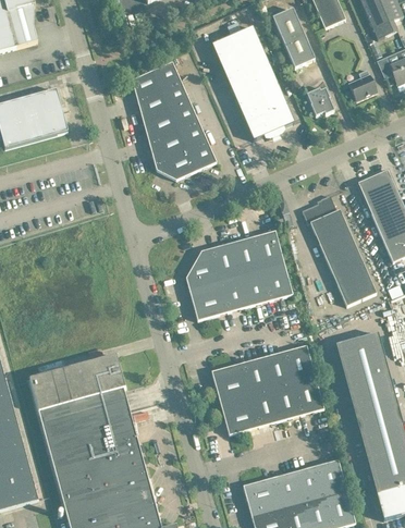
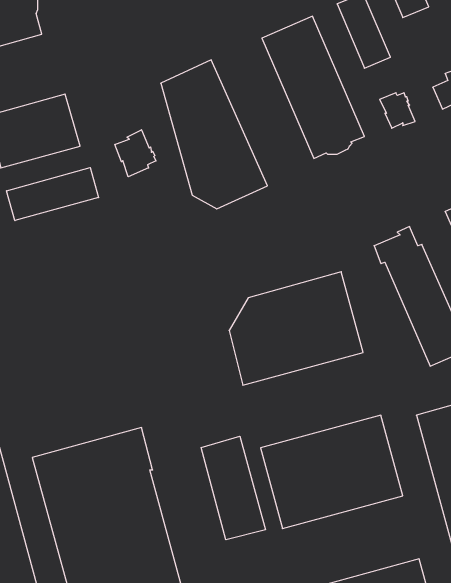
building: none -> [115,130,156,177]
building: none -> [7,168,99,221]
building: none -> [201,436,265,540]

